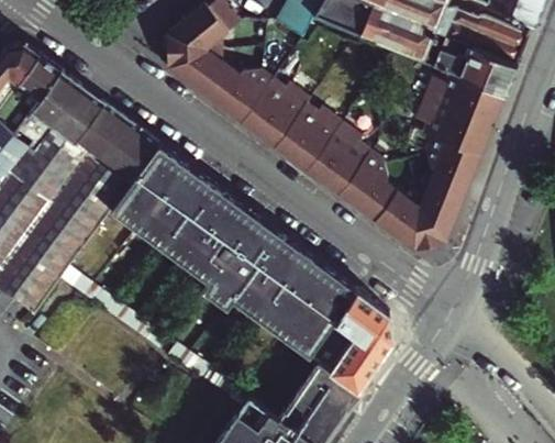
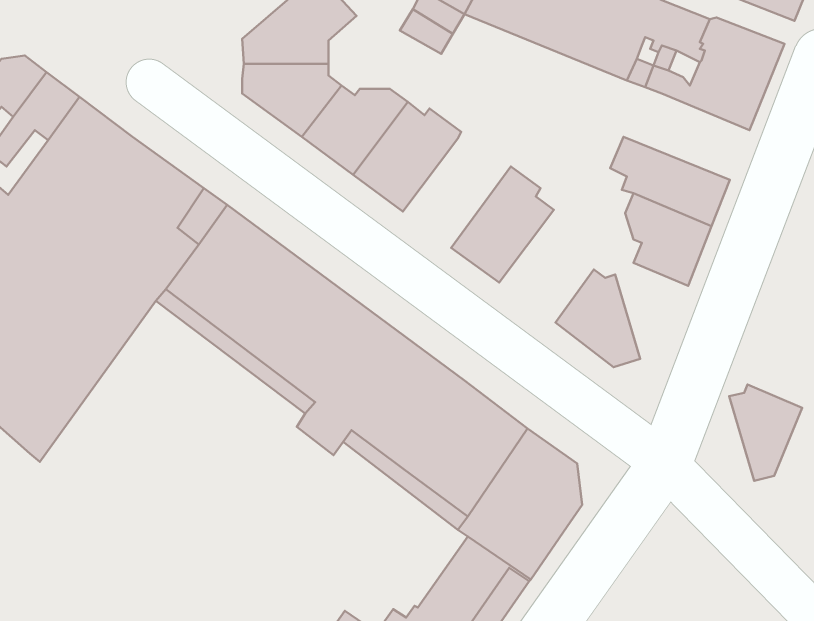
building: [420,71,503,129] -> none
building: [274,101,345,174] -> none
building: [337,148,400,223] -> none
building: [414,184,463,247] -> [729,385,802,481]

